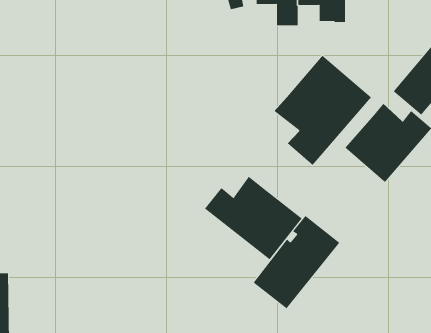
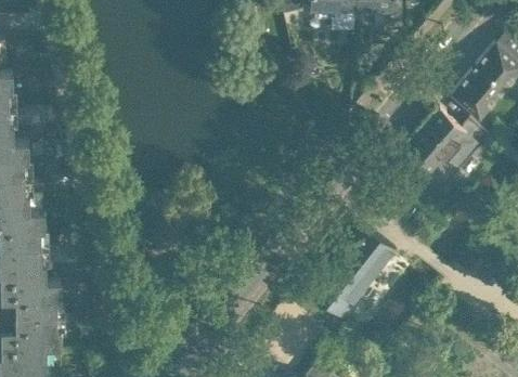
building: [274,55,372,166] -> none
building: [204,176,302,260] -> none

